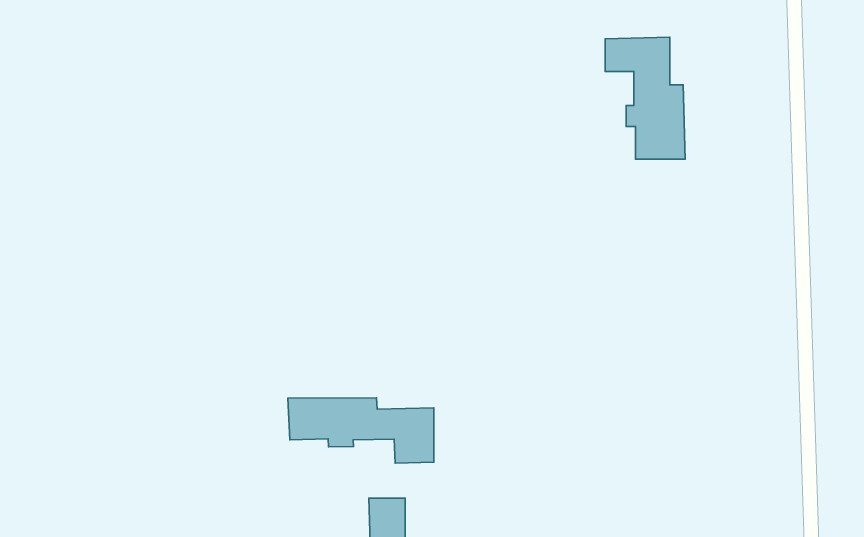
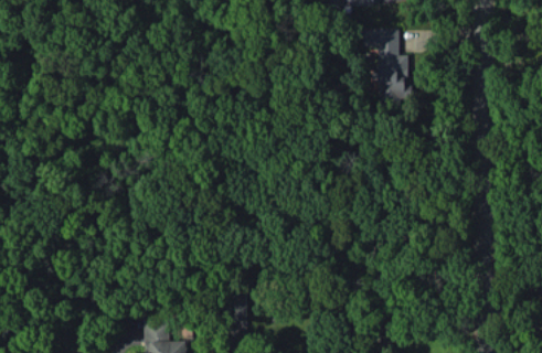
building: [288,398,434,463] -> none

